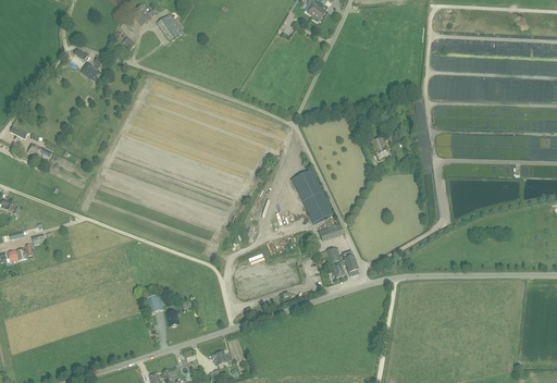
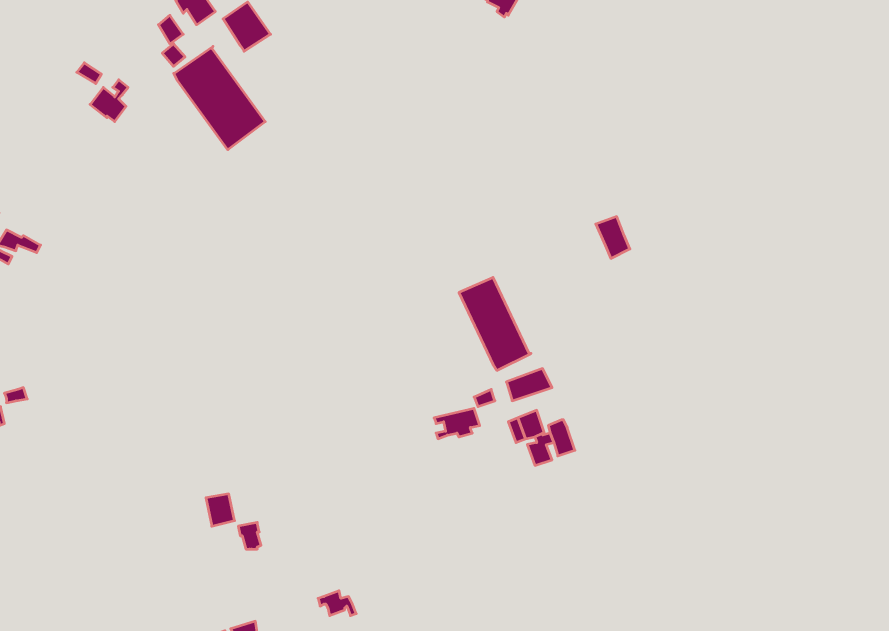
building: none -> [174,46,265,150]

